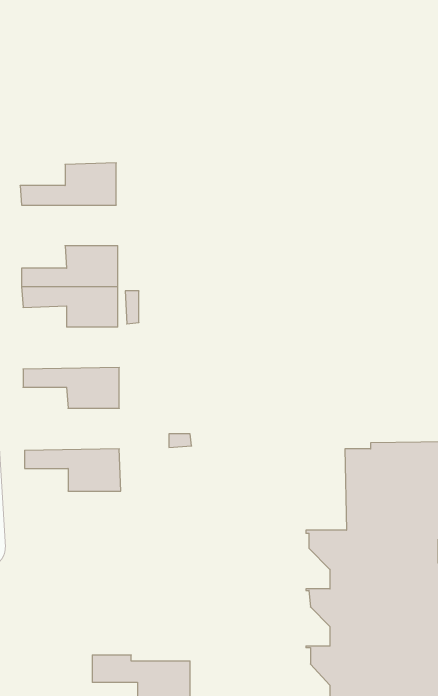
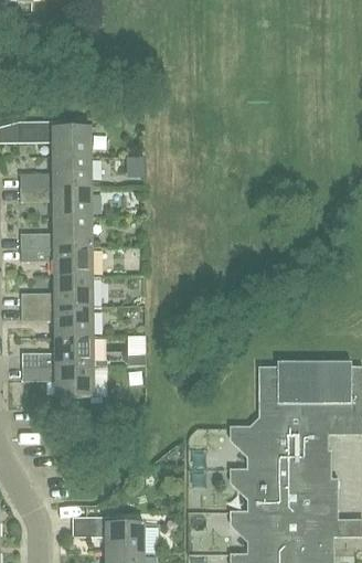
building: none -> [19,123,89,158]
building: none -> [20,188,91,217]
building: none -> [21,277,92,308]
building: none -> [21,337,92,368]

